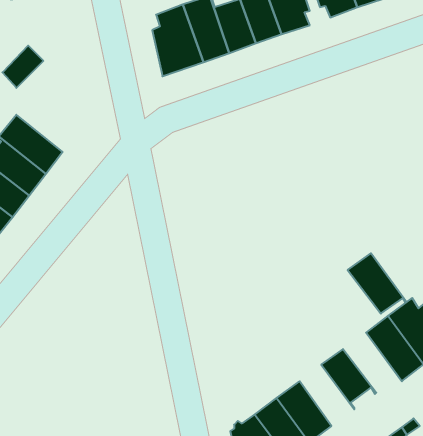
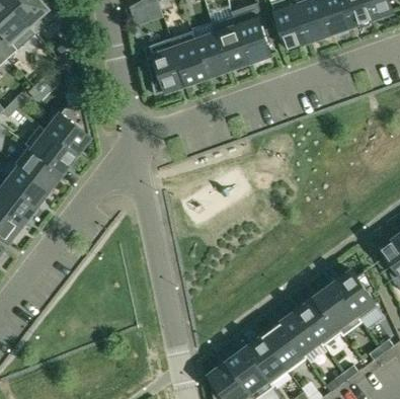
building: none -> [38,104,90,155]
building: [348,253,407,314] -> [297,298,343,345]
building: none -> [262,323,306,372]

